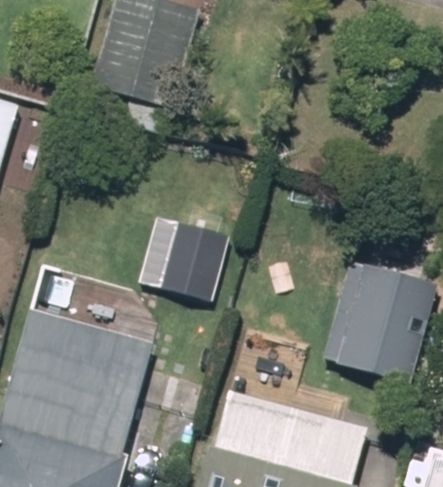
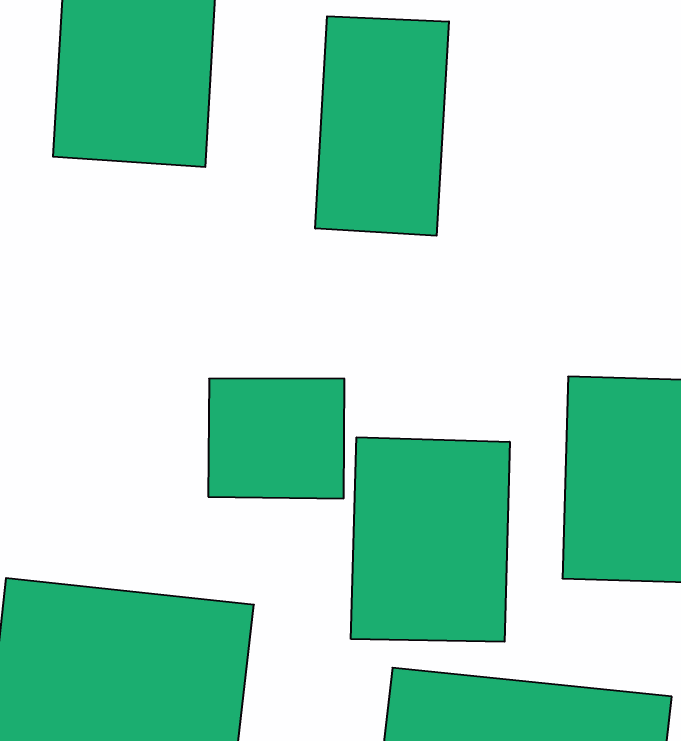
building: none -> [315,16,449,236]
building: none -> [351,437,510,642]

